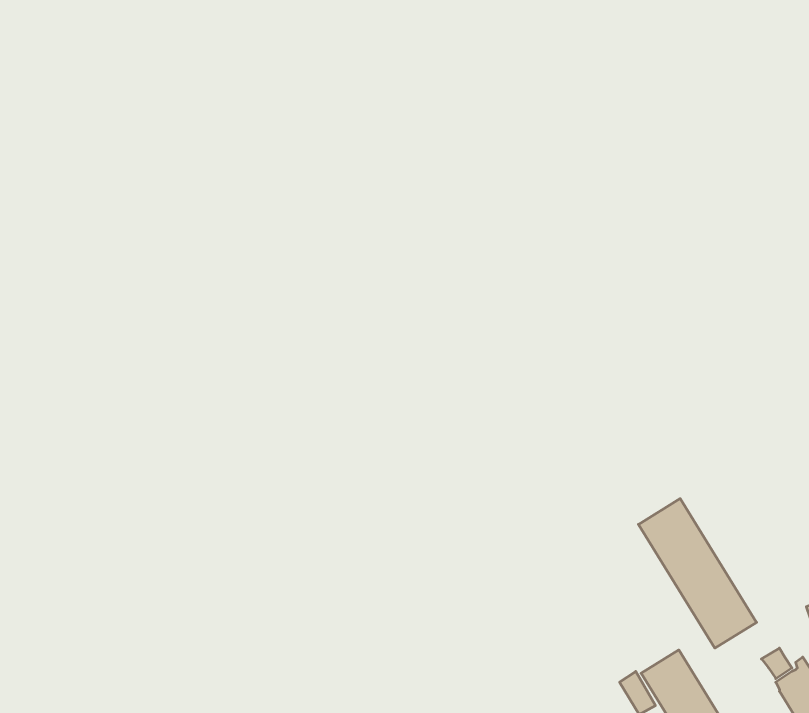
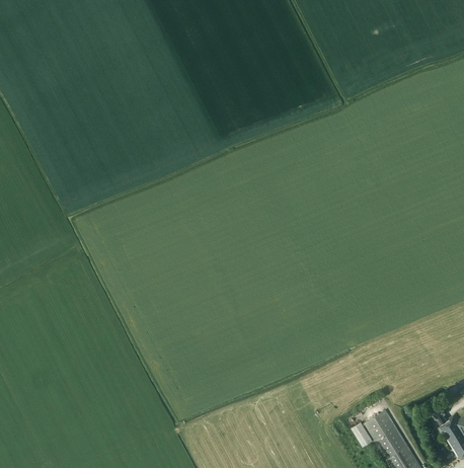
building: [638,499,757,648] -> none

